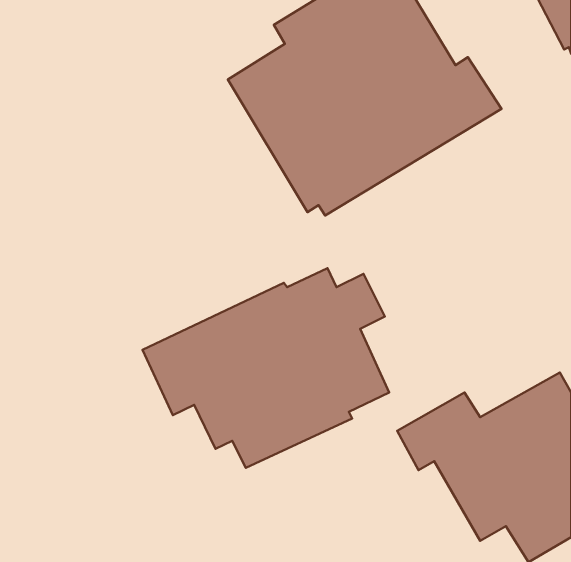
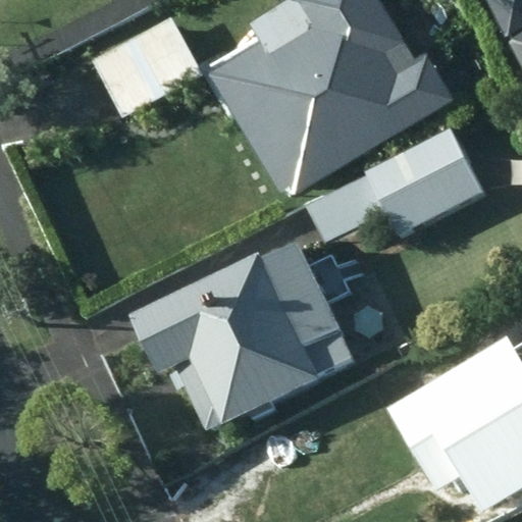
building: none -> [91,14,204,115]
building: none -> [305,126,482,240]

